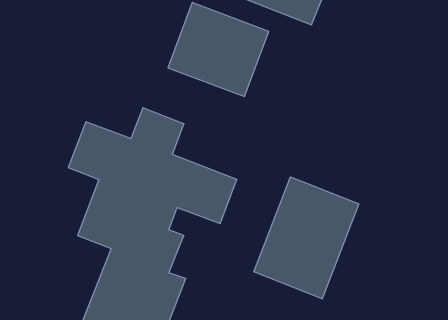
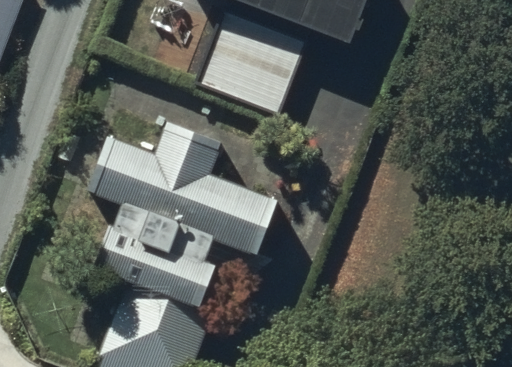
building: [254,177,359,299] -> none

